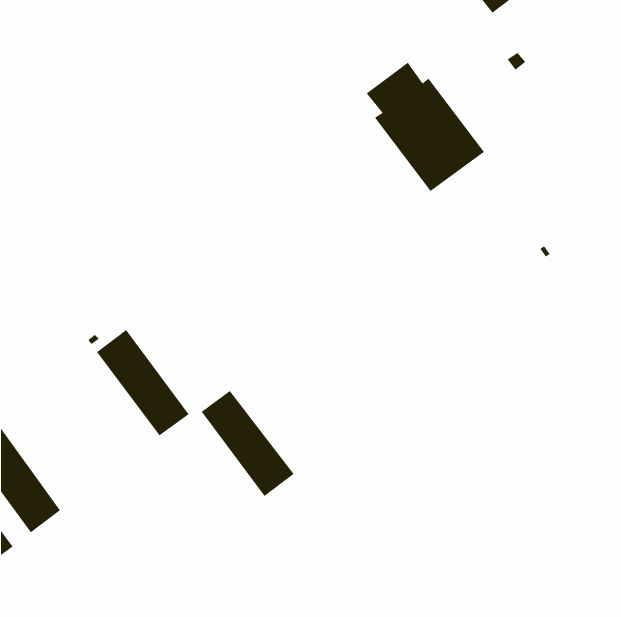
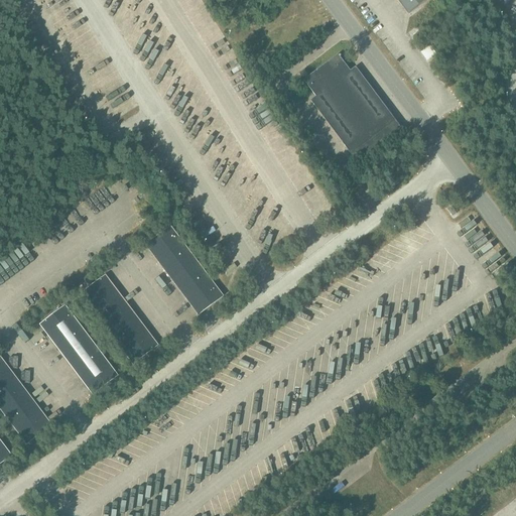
building: none -> [39,303,117,392]
building: [201,390,294,497] -> [145,225,223,313]

